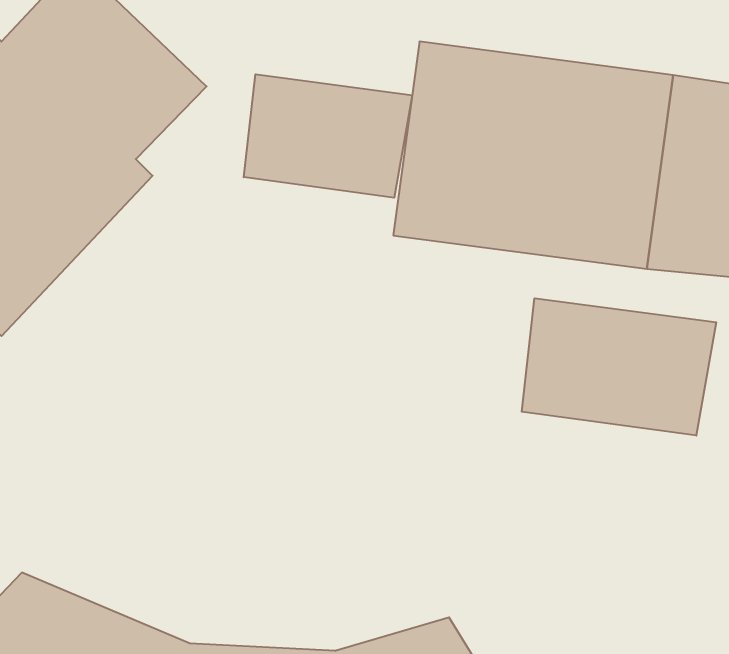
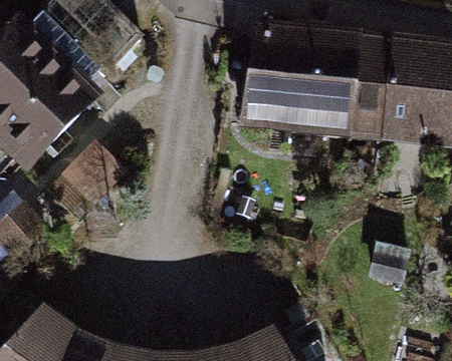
building: [244,74,412,198] -> none
building: [522,298,716,436] -> none

